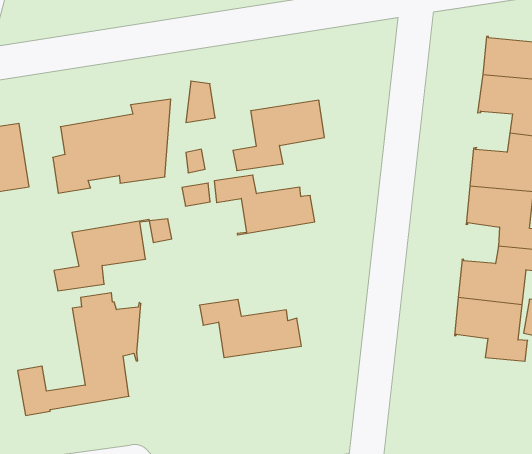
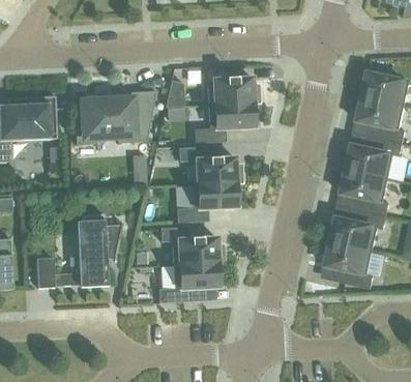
building: none -> [207,78,260,104]
building: [54,219,149,291] -> [176,181,242,222]
building: none -> [158,262,225,302]

